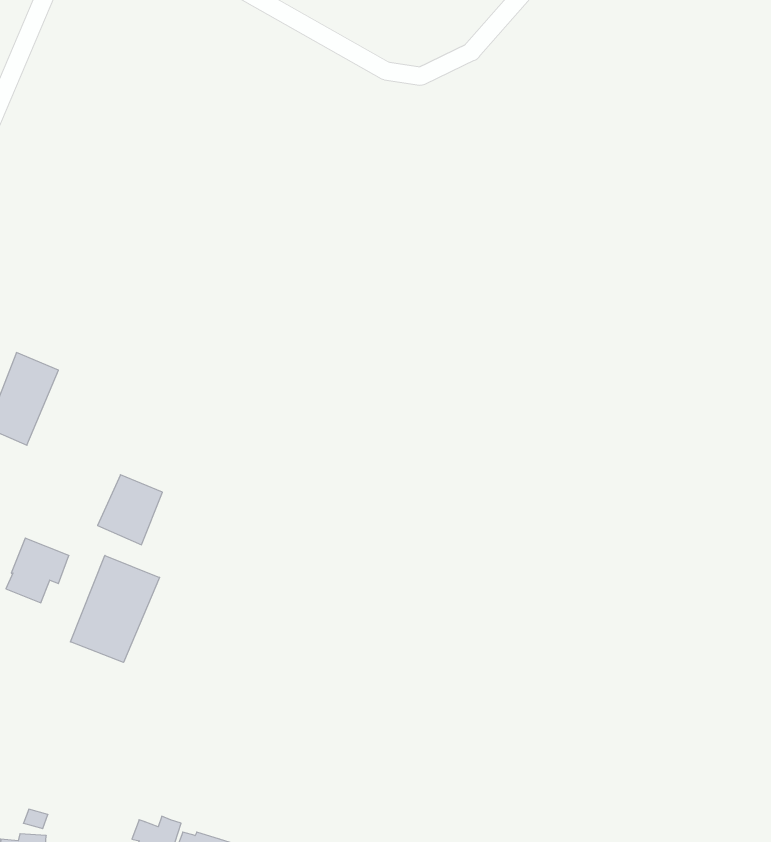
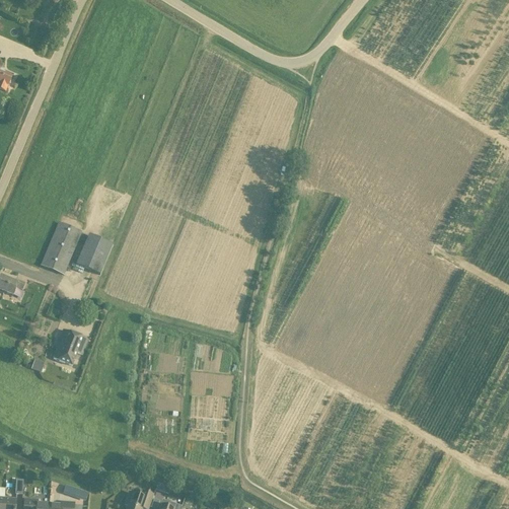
building: [98,475,162,545] -> [74,234,112,275]
building: [70,555,160,662] -> none

